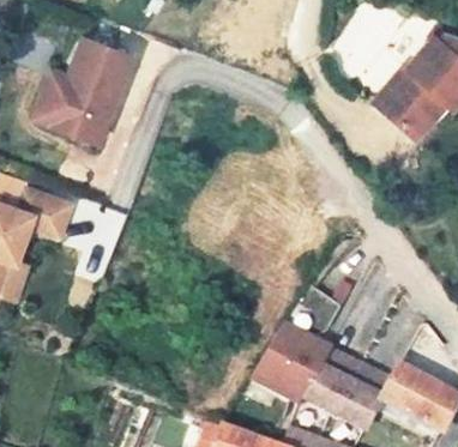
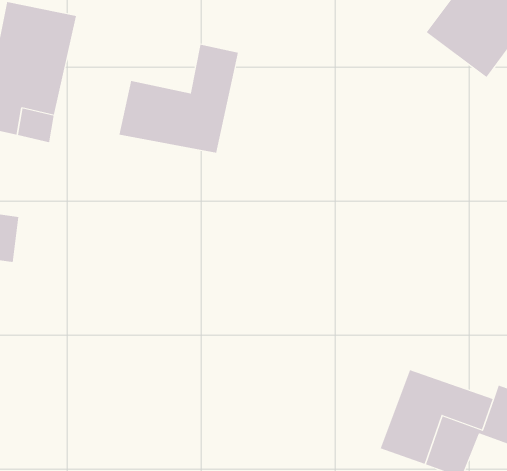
building: none -> [119,44,238,153]
building: [255,319,335,399] -> none

